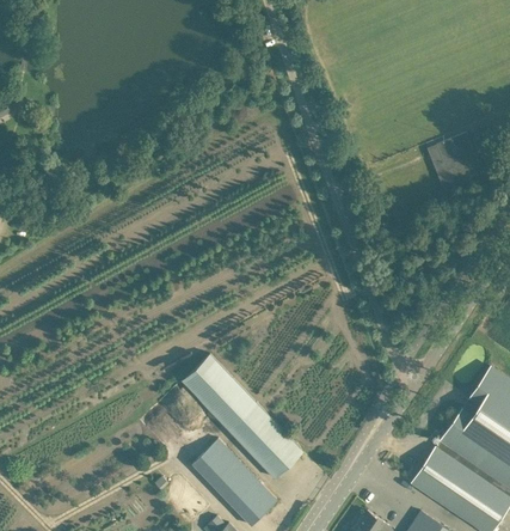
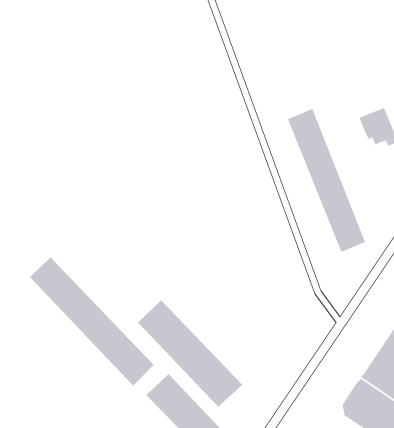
building: none -> [287,108,366,253]
building: none -> [29,257,154,387]

